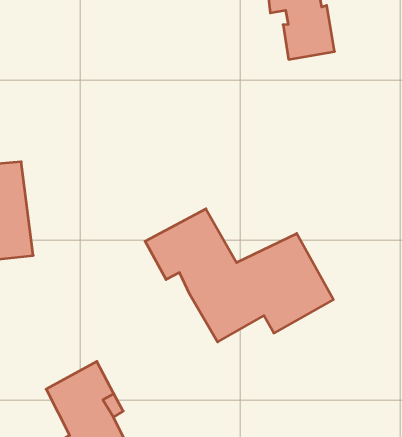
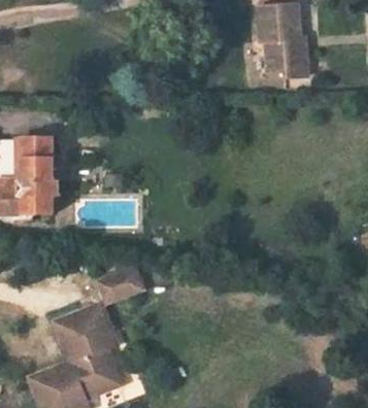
building: [145,209,333,342] -> none
building: none -> [97,263,142,299]

